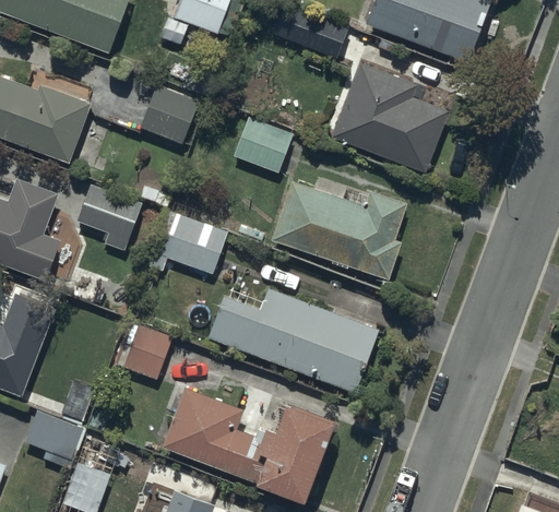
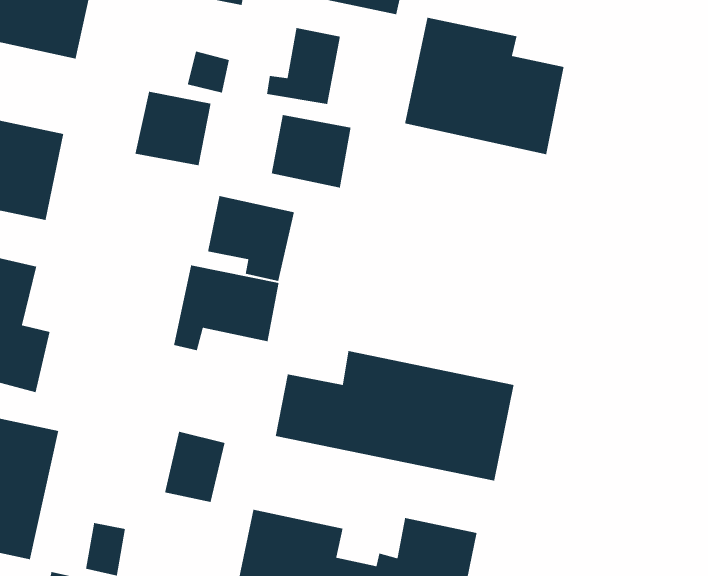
building: none -> [266,27,341,105]
building: [269,179,406,279] -> none
building: [76,183,142,250] -> [207,195,295,282]

